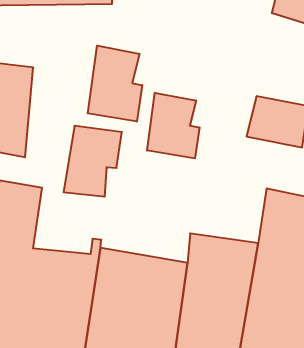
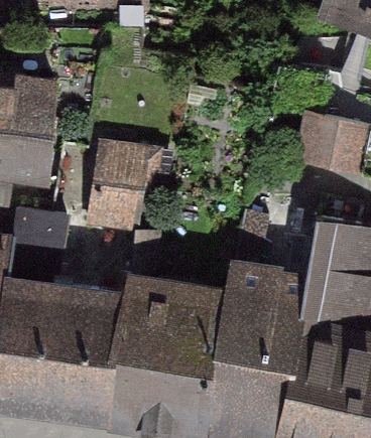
building: [88,46,142,122] -> none
building: [147,93,200,158] -> none

